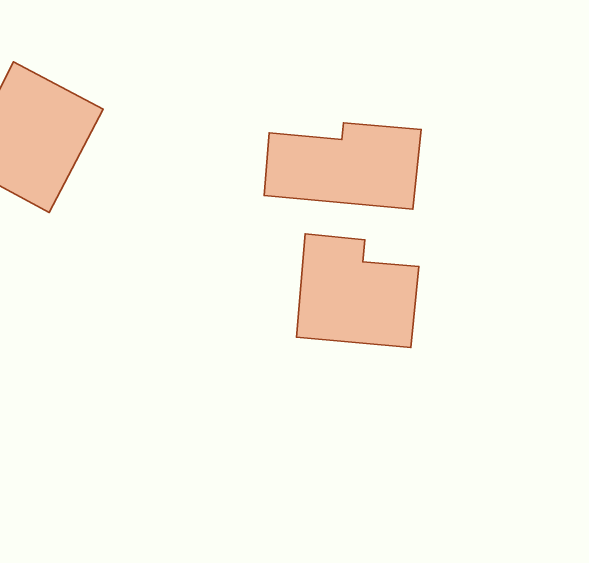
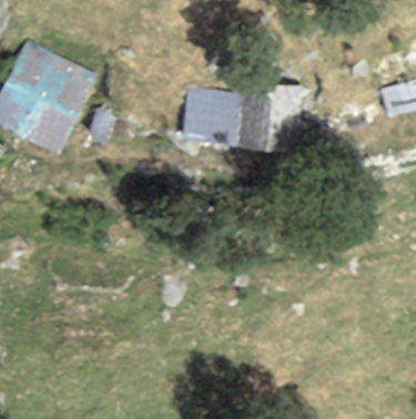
building: [297,234,419,347] -> none

